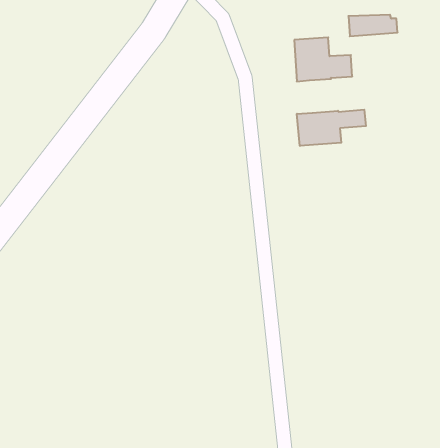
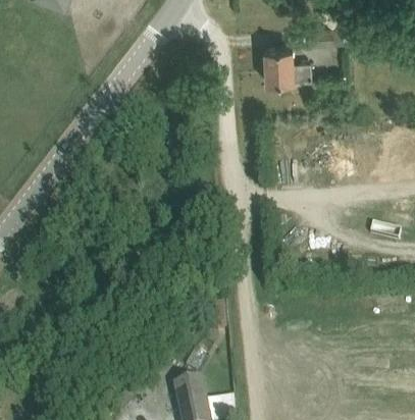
building: [297,110,366,146] -> none

